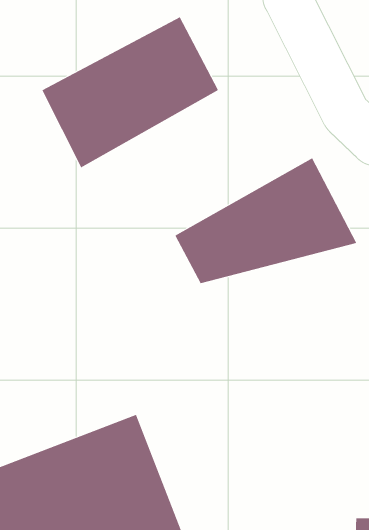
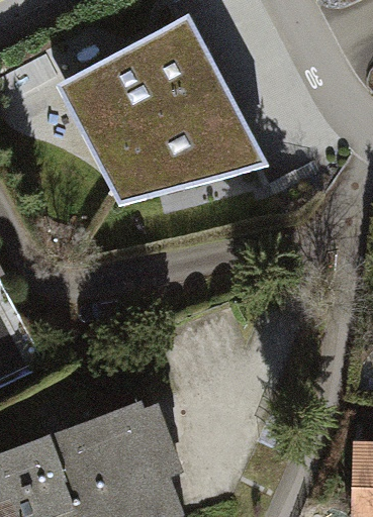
building: [175,158,357,284] -> [96,89,269,208]

